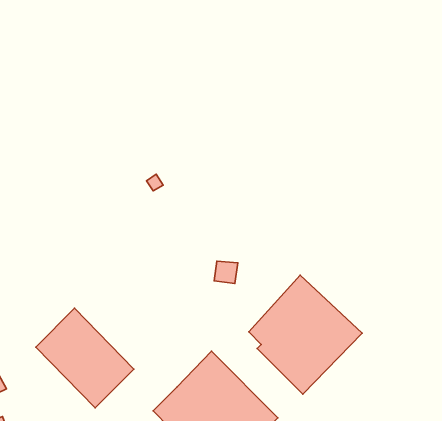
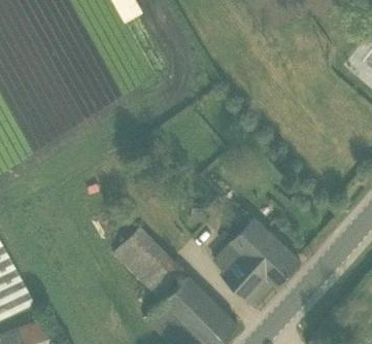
building: [36,308,134,408] -> [111,225,184,299]

